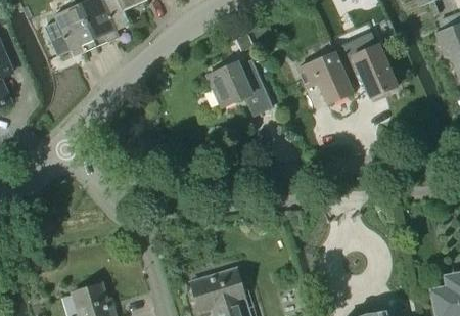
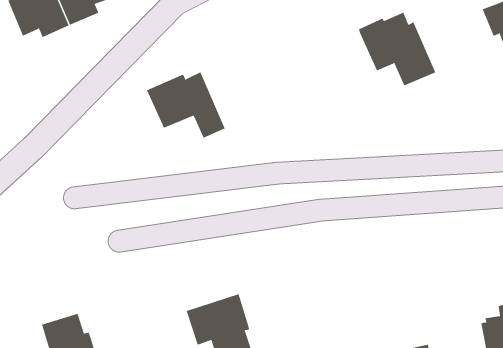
building: [297,53,353,104] -> none
building: [206,59,272,115] -> [146,72,225,139]

